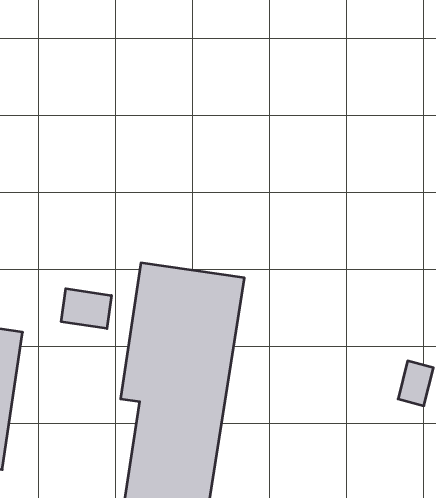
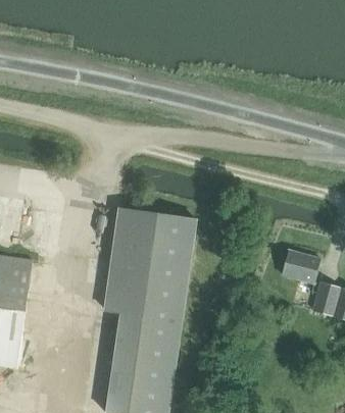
building: [61,289,111,329] -> none
building: none -> [281,250,321,285]

